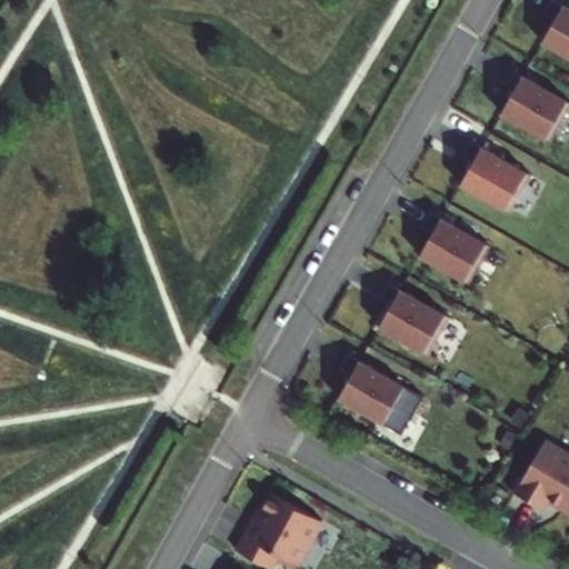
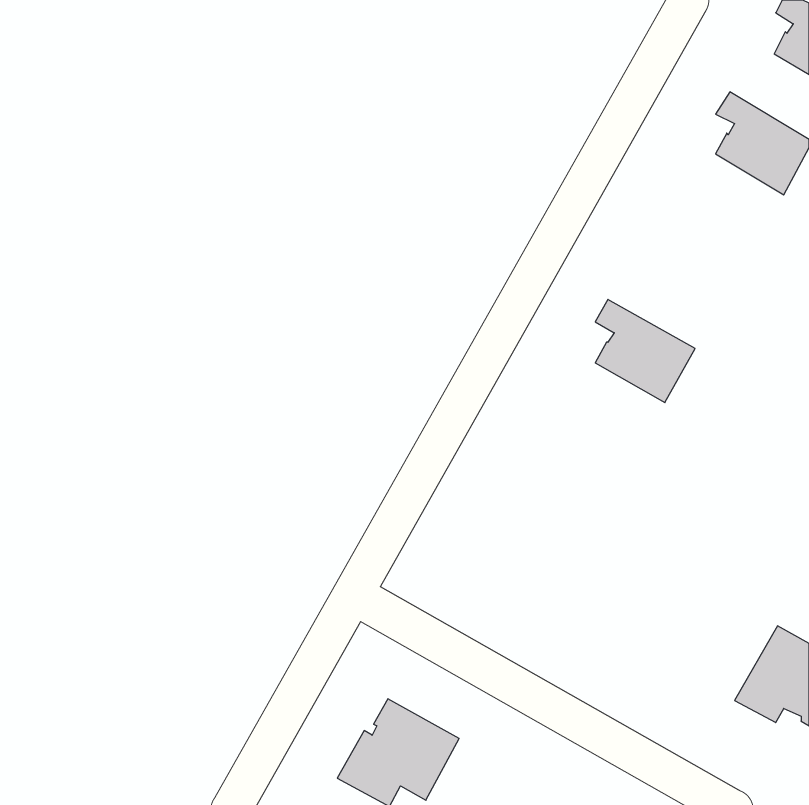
building: [460,140,530,212] -> none
building: [378,286,448,357] -> none
building: [338,357,408,428] -> none

